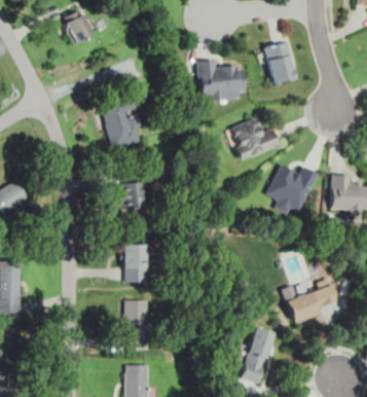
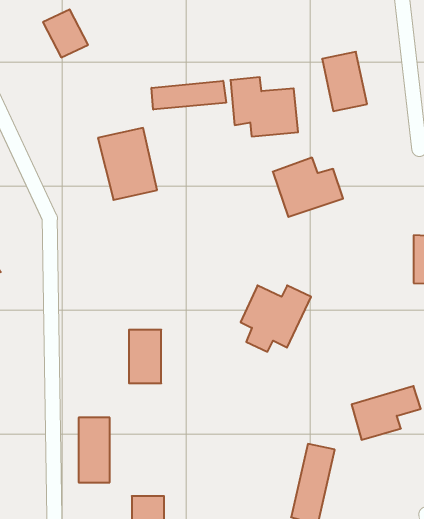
building: none -> [152,81,226,110]
building: [267,165,319,213] -> [241,285,311,352]
building: [117,179,149,212] -> none
building: [125,299,148,347] -> [79,418,110,482]

